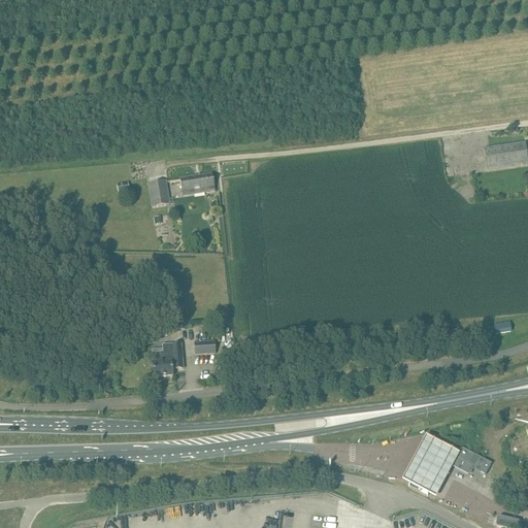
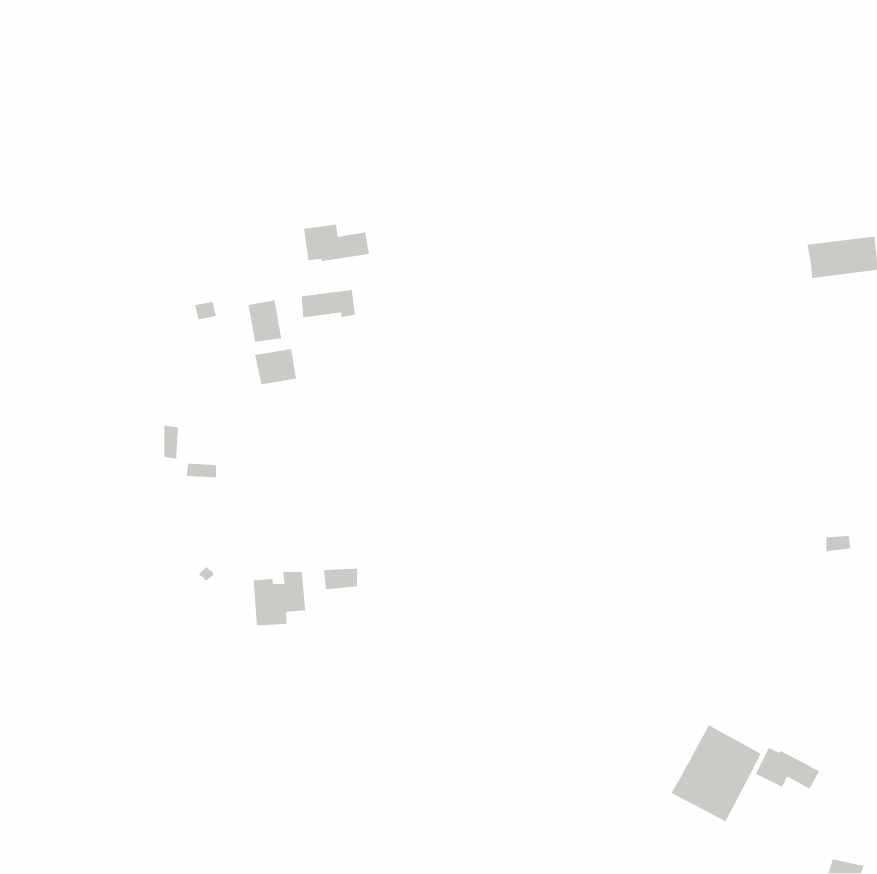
building: none -> [303,224,370,262]
building: none -> [254,348,297,385]

